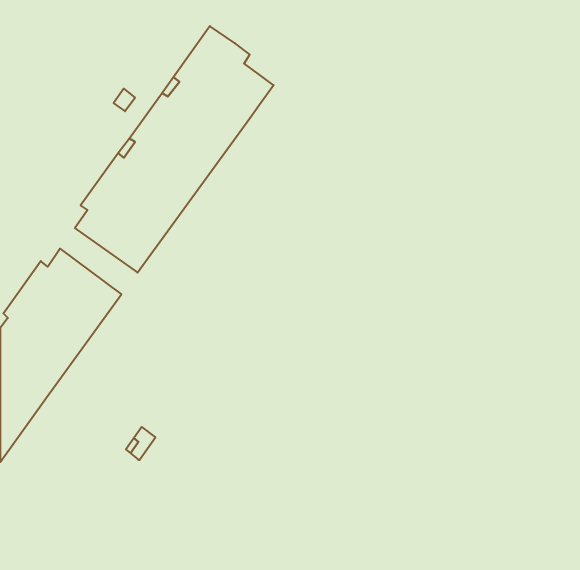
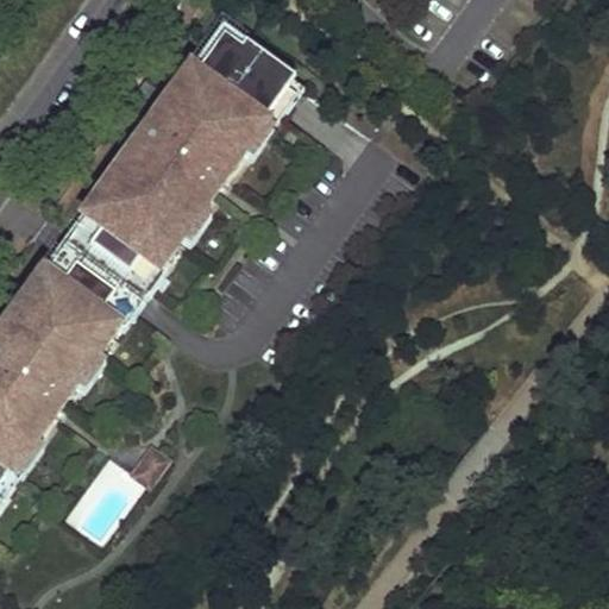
building: none -> [43,215,144,308]

